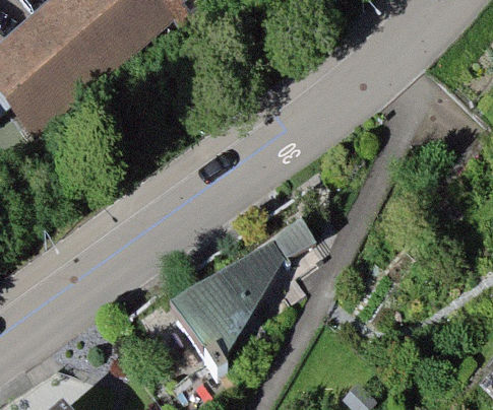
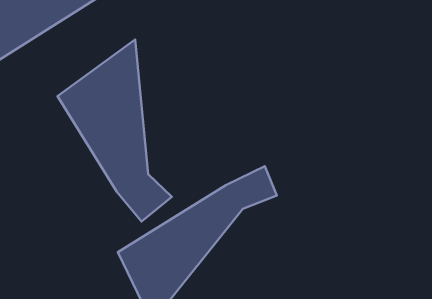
building: none -> [57,39,172,222]

